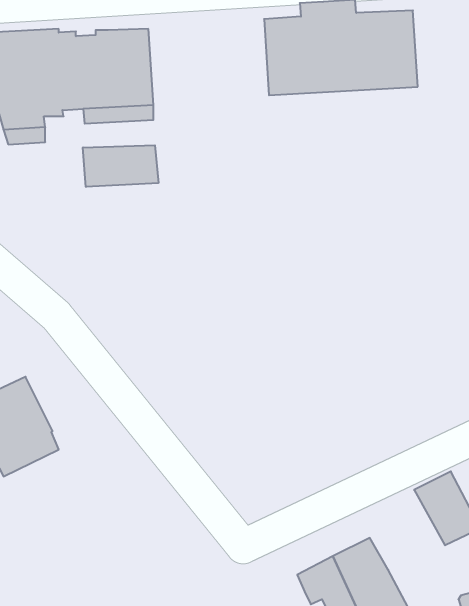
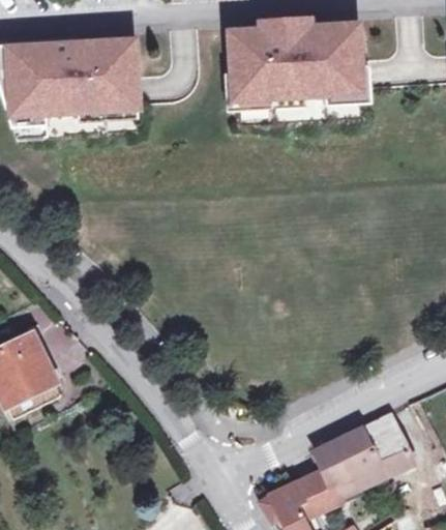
building: [83,145,158,187] -> none
building: none -> [314,428,385,495]

